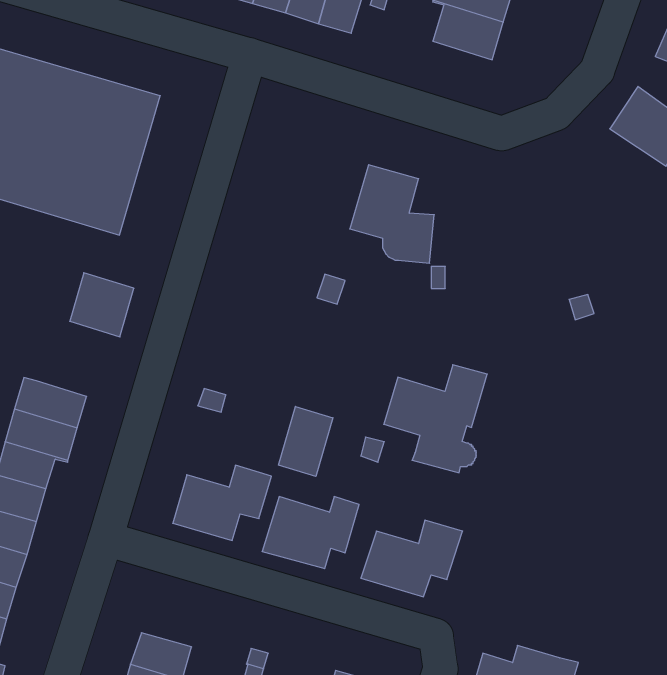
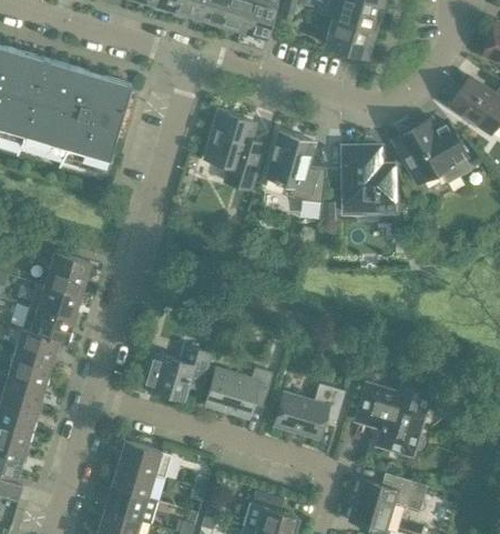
building: none -> [206,112,262,189]
building: none -> [395,120,471,182]
building: none -> [343,145,396,213]
building: [70,273,134,337] -> [44,251,90,296]
building: [384,365,487,473] -> [358,376,431,453]
building: [278,406,333,476] -> none
building: none -> [119,440,172,477]

